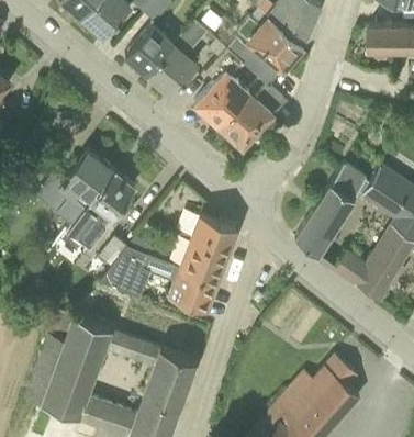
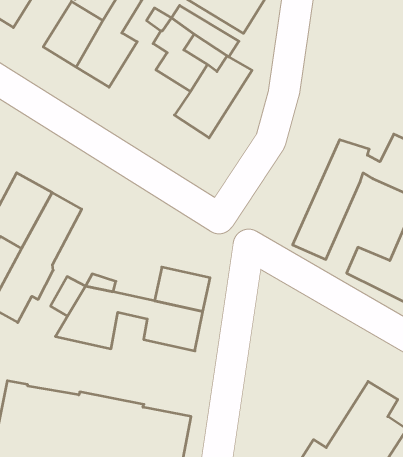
building: [194,88,234,125] -> none
building: [182,214,237,256] -> none

